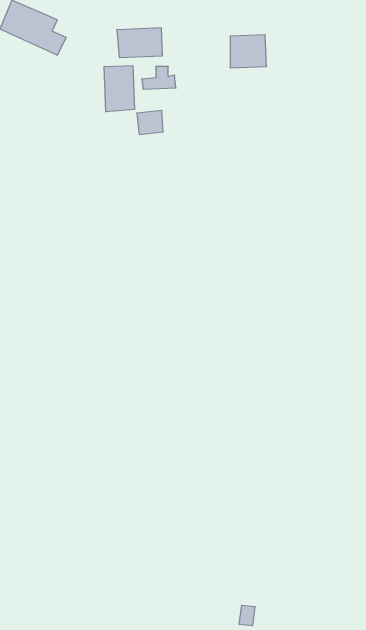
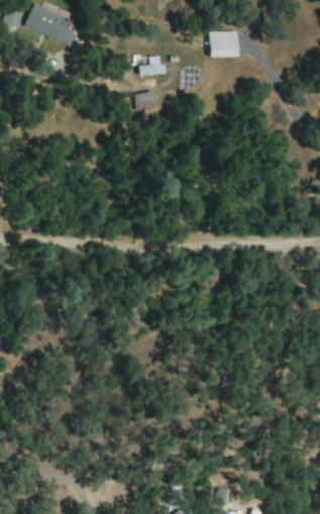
building: [117,28,162,58] -> none
building: [104,66,135,112] -> none

